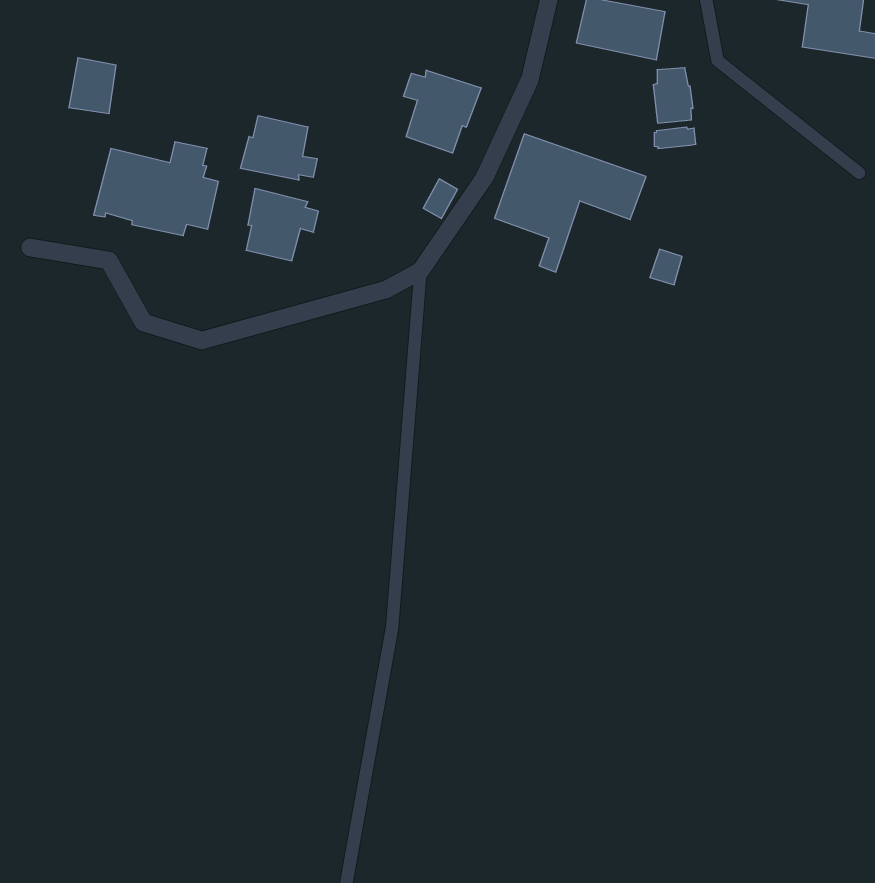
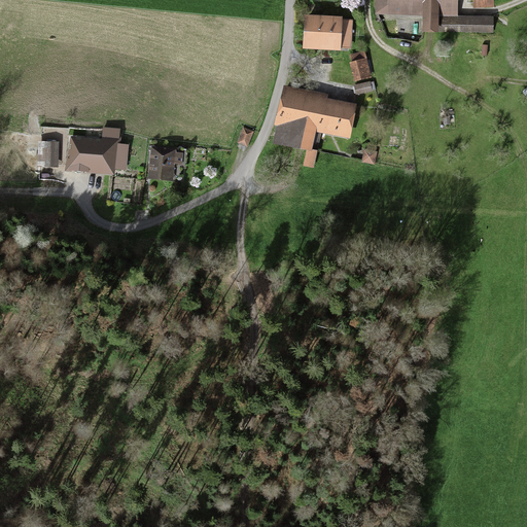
building: [69,58,116,113] -> [36,139,58,166]
building: [404,70,481,153] -> none
building: [241,116,317,180] -> none

